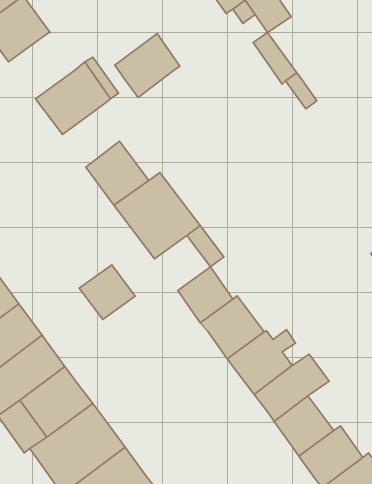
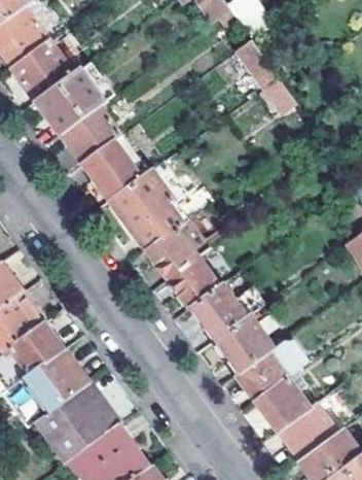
building: none -> [12,42,74,103]
building: [115,34,180,98] -> [62,107,121,166]
building: [79,265,135,320] -> [146,229,197,279]

